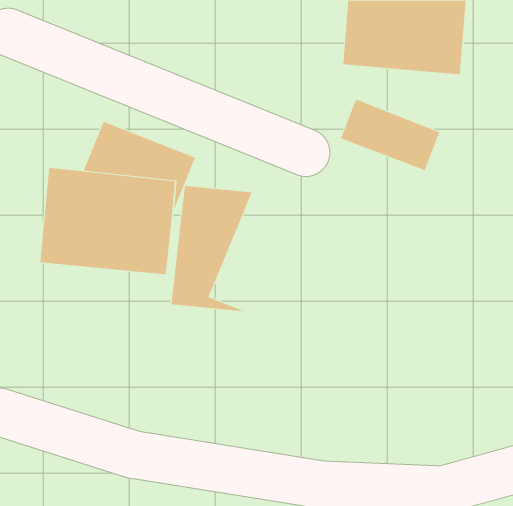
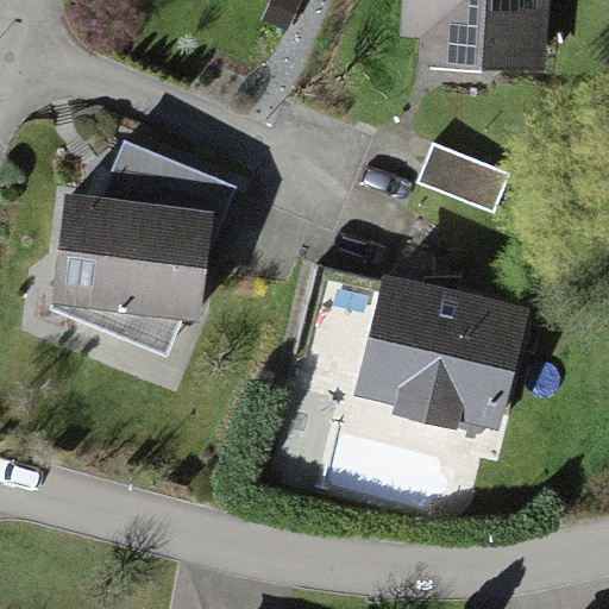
building: [171,185,252,312] -> none
building: none -> [340,263,516,409]

